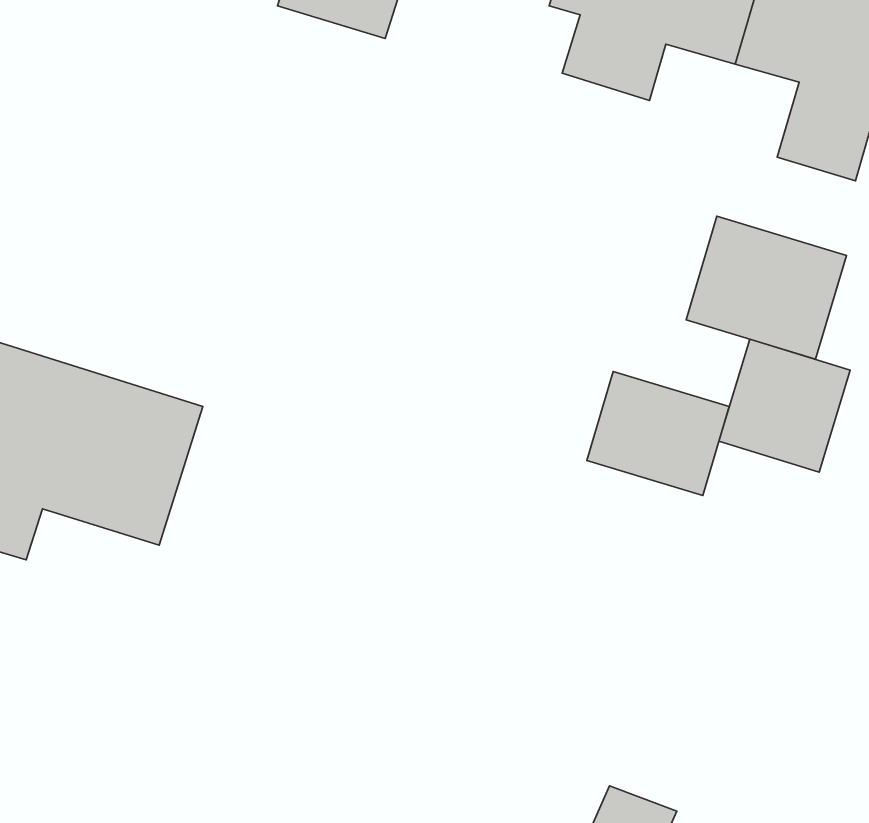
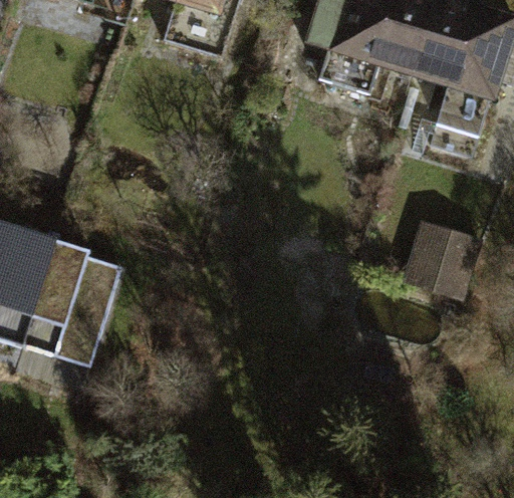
building: [686,216,846,359] -> none
building: [587,371,729,496] -> none

